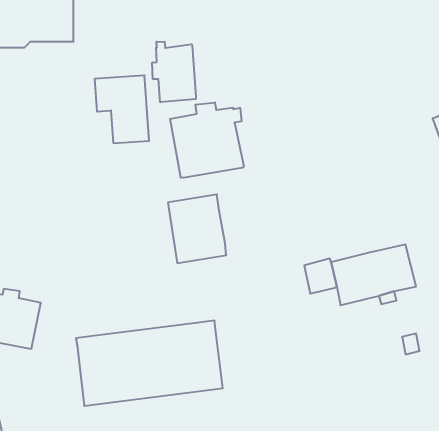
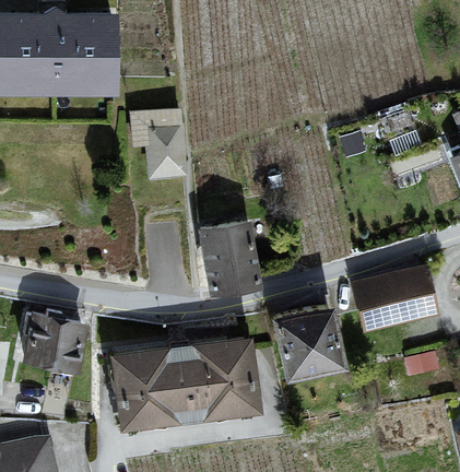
building: [152,42,196,102] -> none
building: [170,102,244,178] -> none
building: none -> [275,311,341,376]

